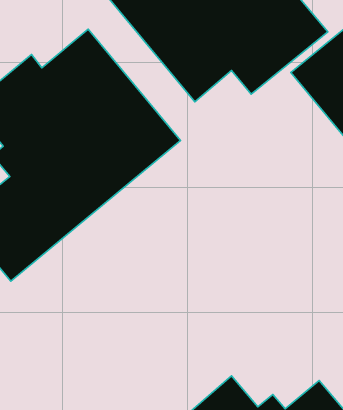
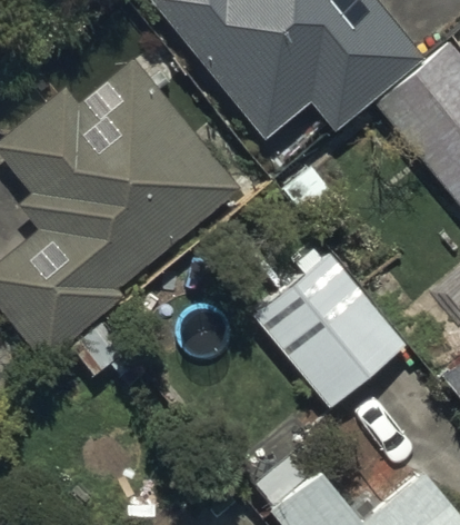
building: none -> [254,251,404,404]

